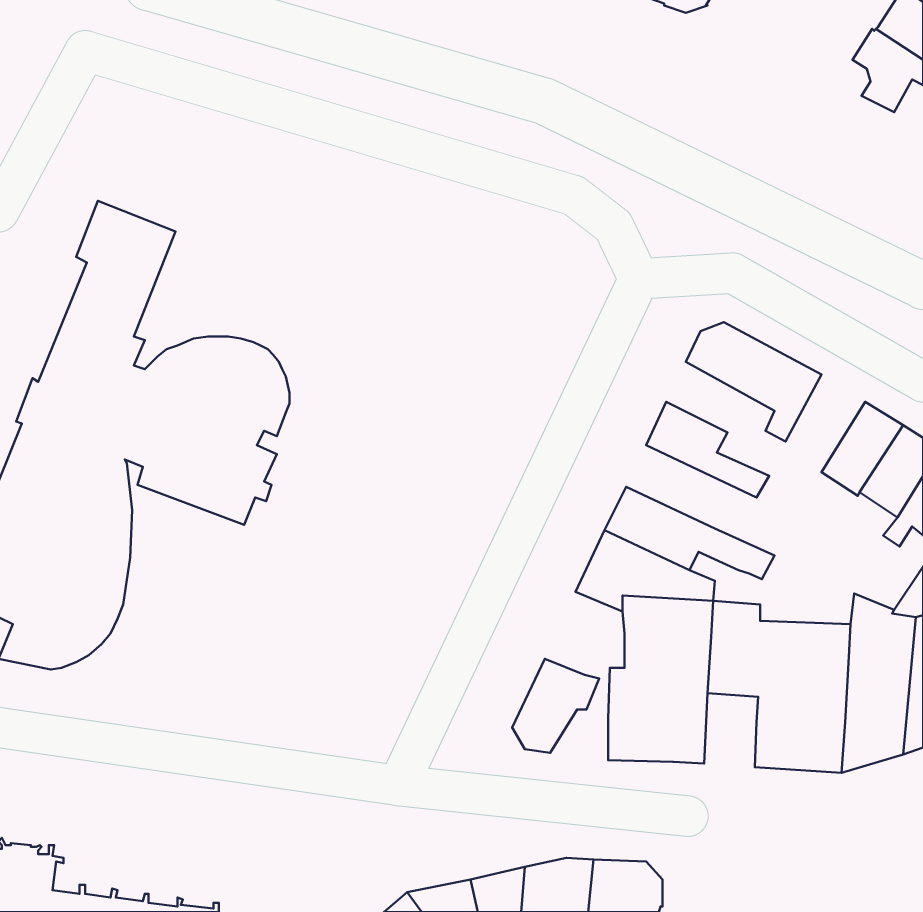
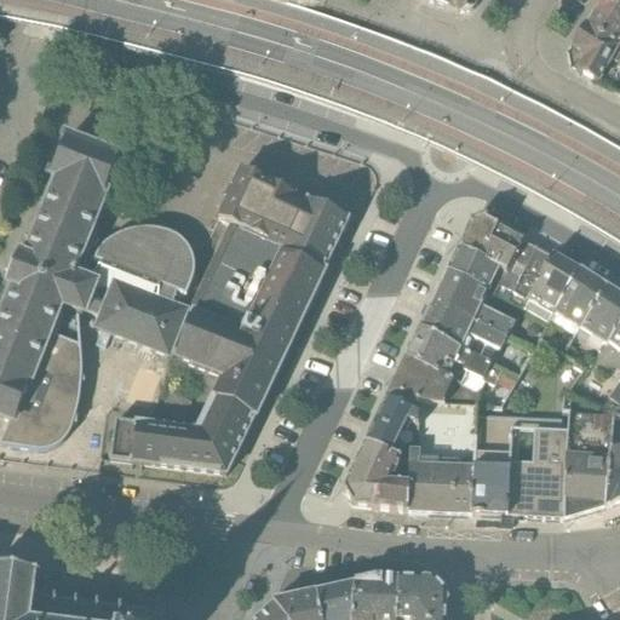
building: none -> [110,165,350,470]
building: none -> [446,242,518,289]
building: none -> [523,251,579,316]
building: none -> [419,298,506,354]
building: none -> [364,396,418,452]
building: none -> [471,464,507,513]
building: none -> [368,475,407,509]

